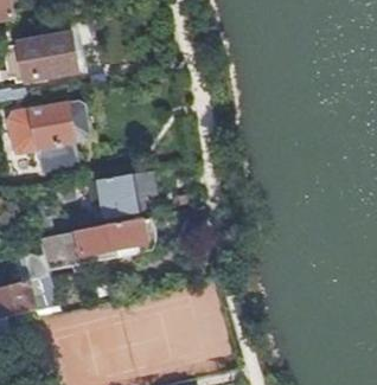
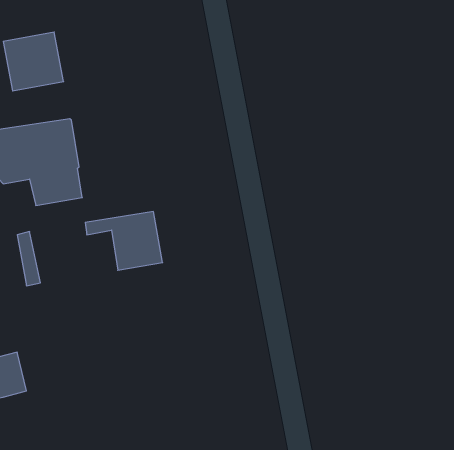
building: [37,217,158,270] -> none

